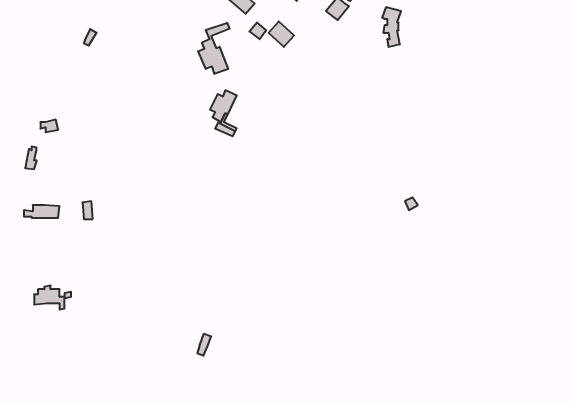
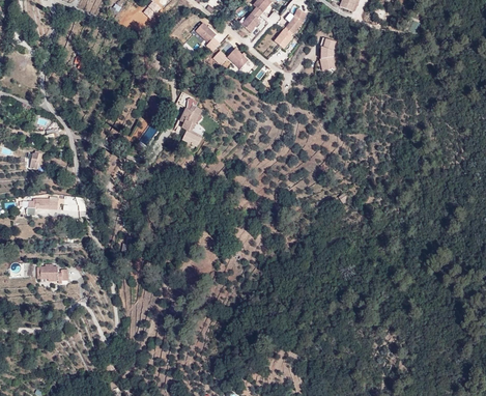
building: [198,23,230,74] -> none

